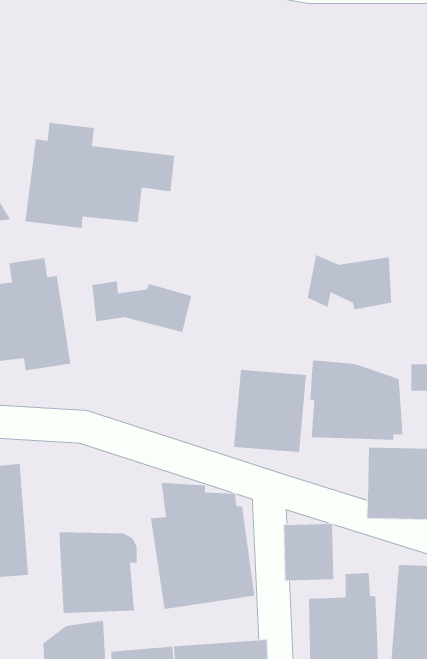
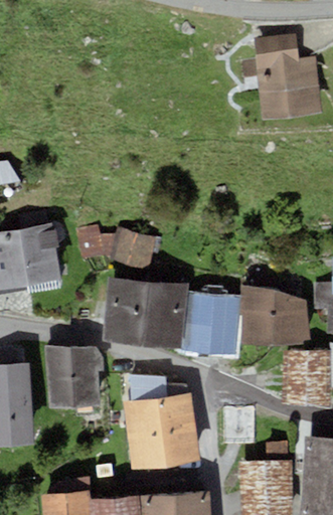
building: none -> [253,33,322,120]
building: [25,122,175,229] -> none
building: [307,254,392,310] -> none
building: none -> [102,277,186,349]
building: [59,532,138,614] -> [45,346,104,406]

